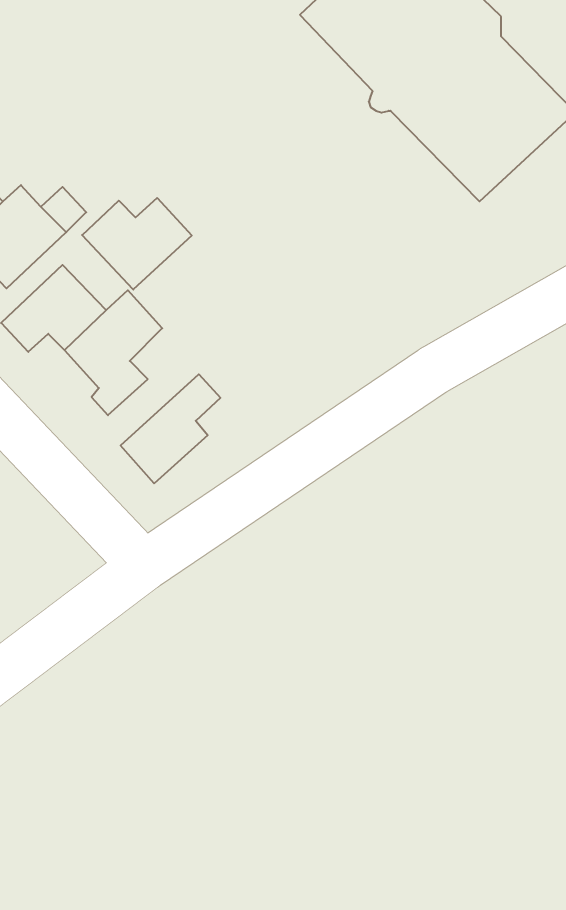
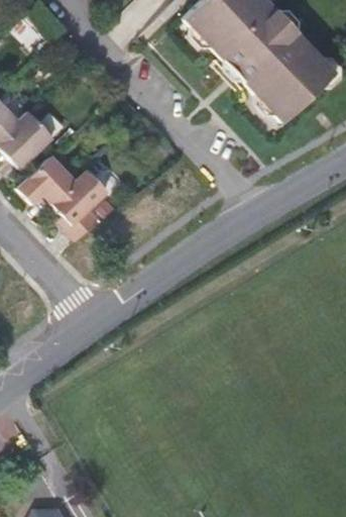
building: [82,198,192,290] -> none
building: [121,374,220,483] -> none

